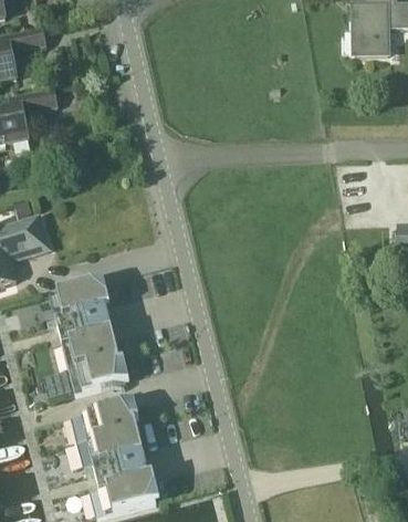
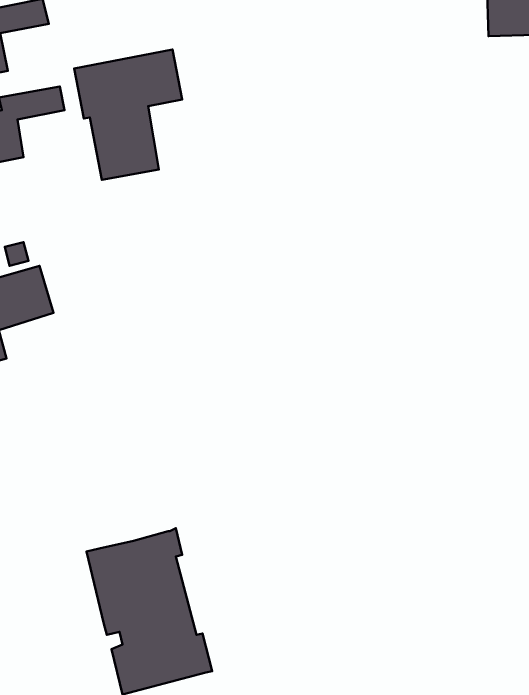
building: none -> [74,49,182,180]
building: [48,278,129,393] -> none

